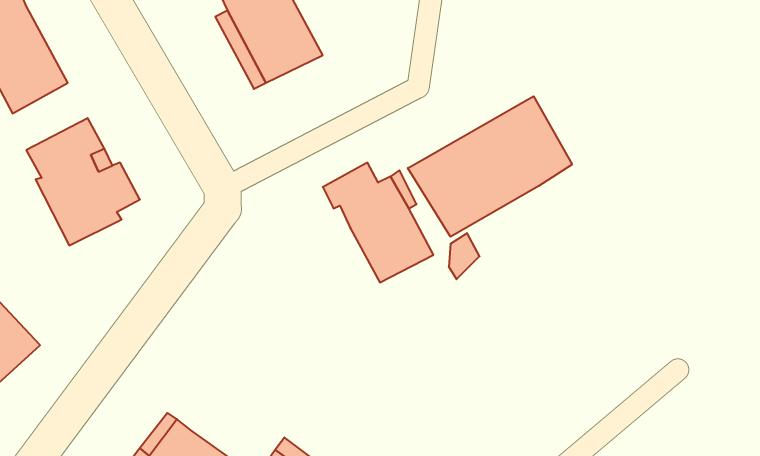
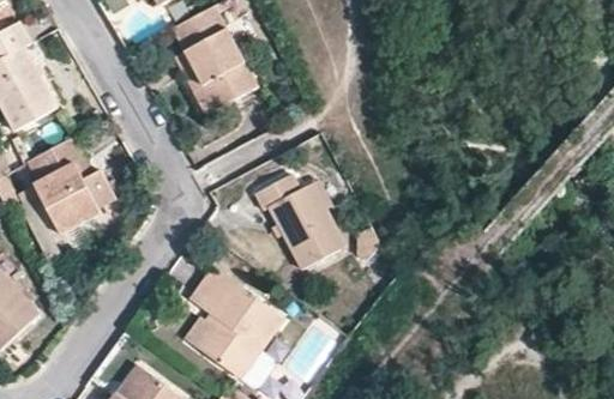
building: [408,96,572,237] -> none
building: none -> [191,268,283,379]

